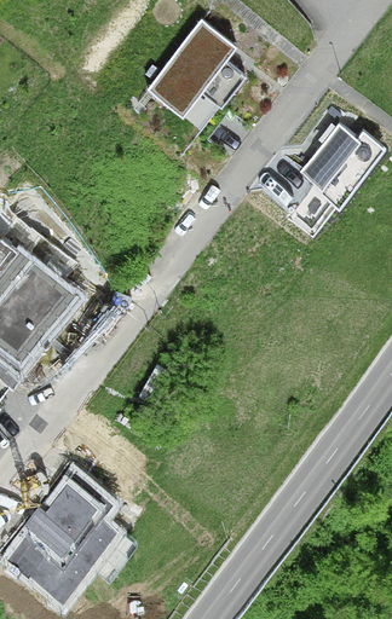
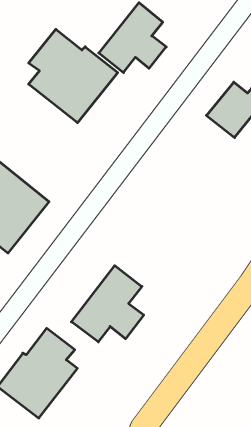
building: none -> [29,29,118,123]
building: none -> [71,266,144,342]

